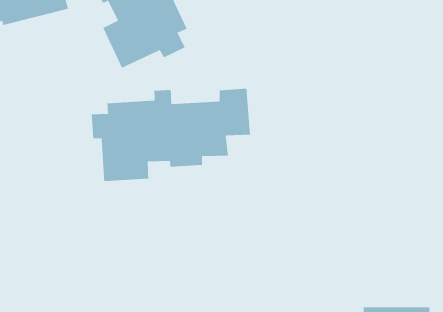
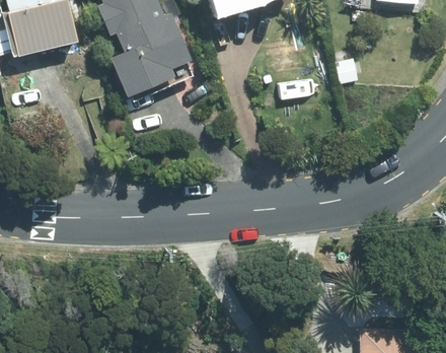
building: [91,88,251,182] -> none

